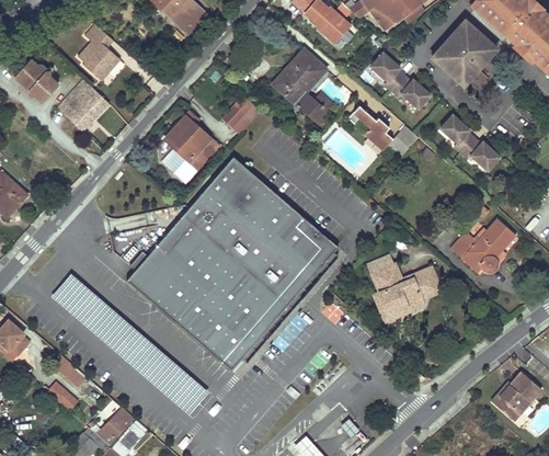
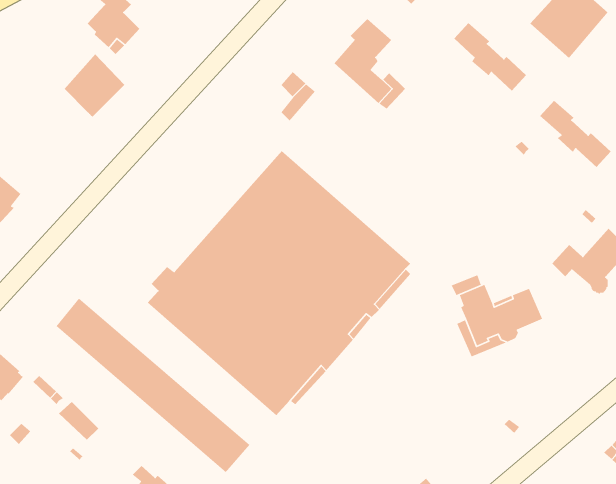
building: [14,58,58,101] -> none
building: [347,104,418,157] -> none
building: [161,111,218,182] -> none

